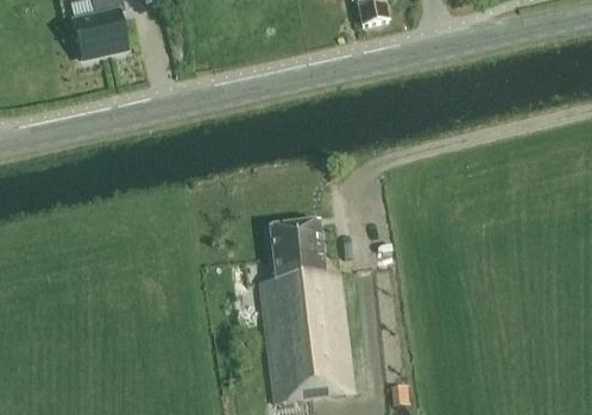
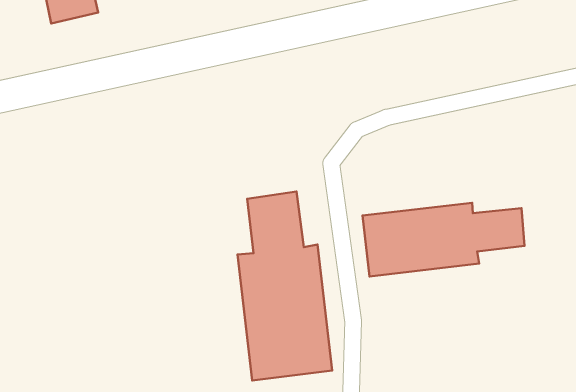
building: none -> [363,203,524,277]

